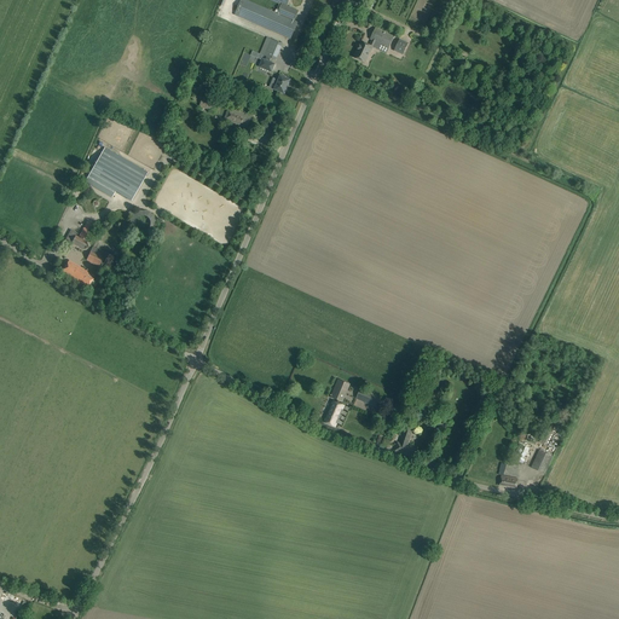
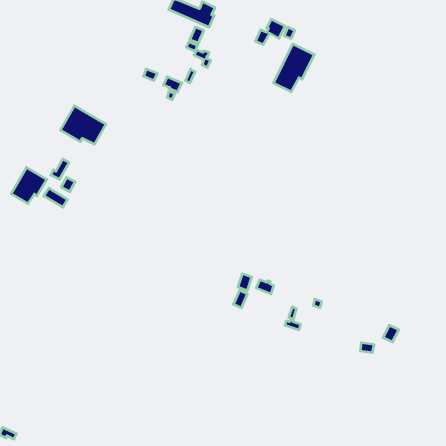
building: none -> [274,44,314,92]
building: none -> [11,167,47,204]

